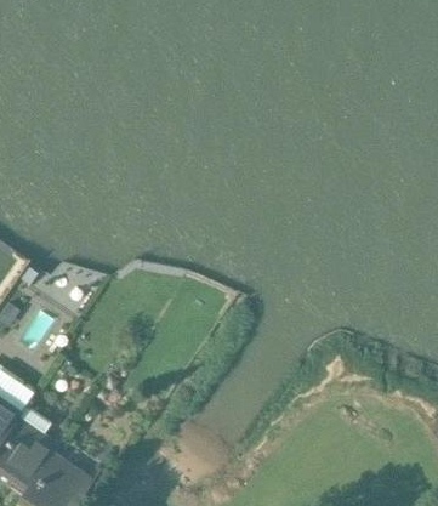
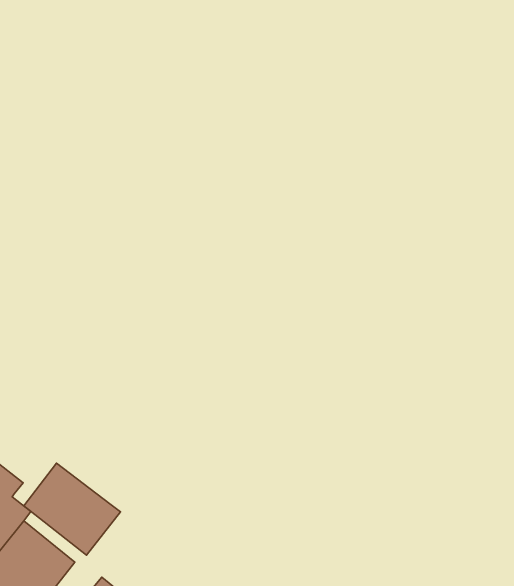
building: none -> [24,463,120,555]

